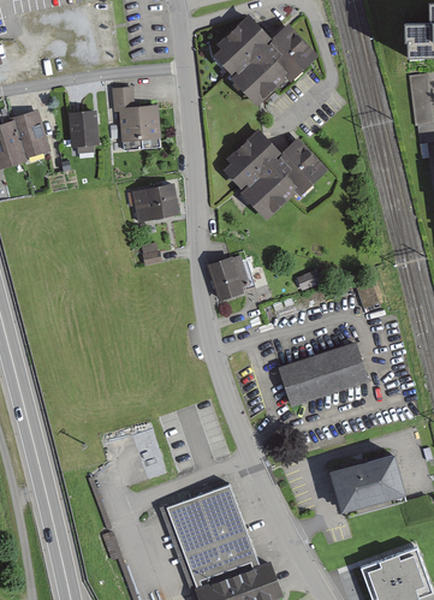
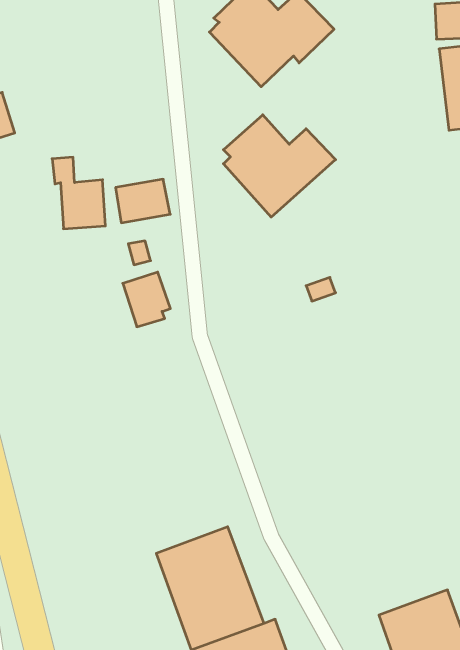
building: [113,87,159,148] -> [52,157,105,229]
building: [70,111,96,144] -> none
building: [208,256,249,303] -> [123,272,170,327]
building: [278,341,369,406] -> none
building: [328,457,404,517] -> none

